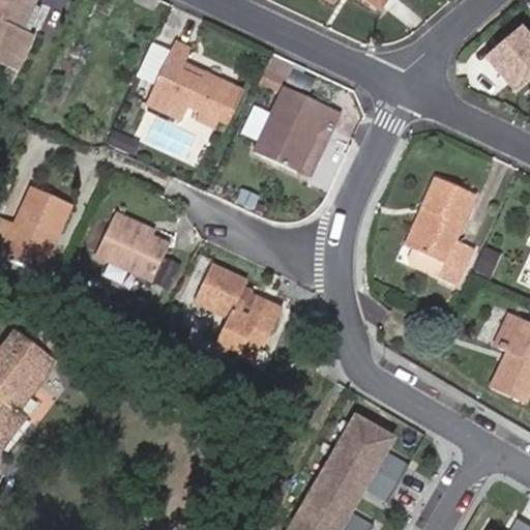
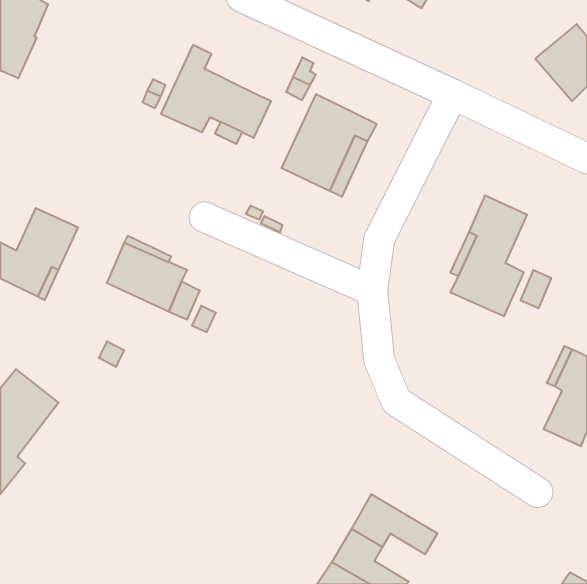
building: [193,263,282,359] -> none
building: [334,415,405,480] -> none

